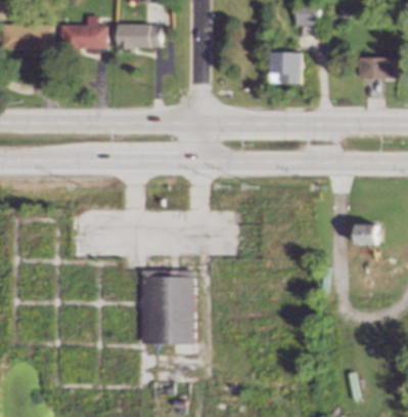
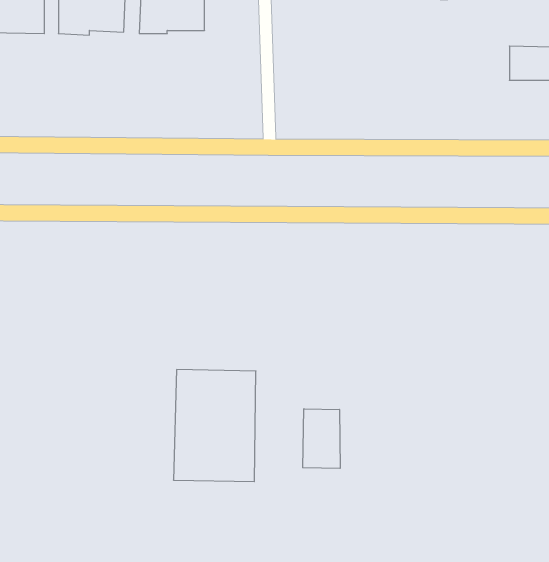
building: [271,51,301,82] -> none
building: [356,225,376,246] -> none
building: none -> [303,409,340,468]

